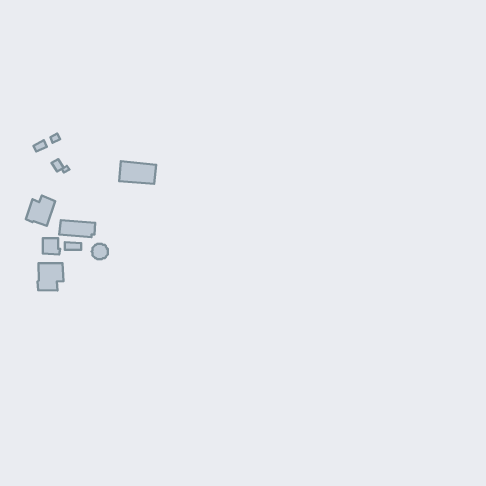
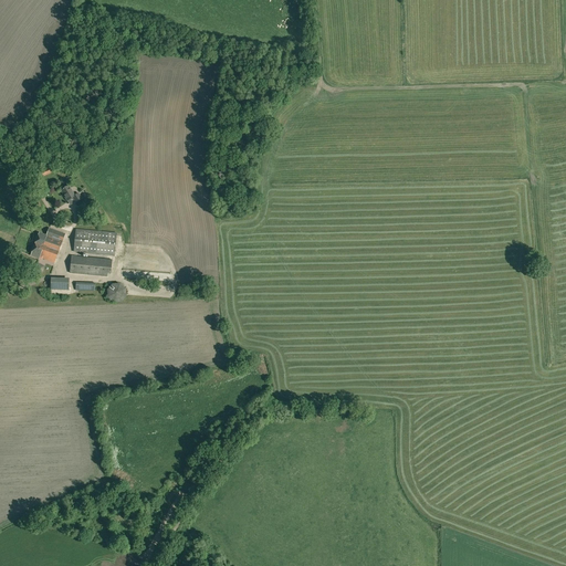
building: [119,161,156,184] -> [73,228,116,254]
building: [38,263,64,291] -> none

